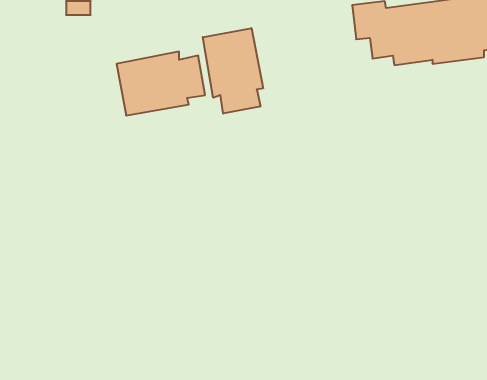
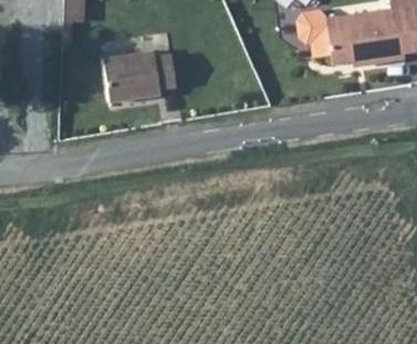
building: [203,28,263,114] -> none

